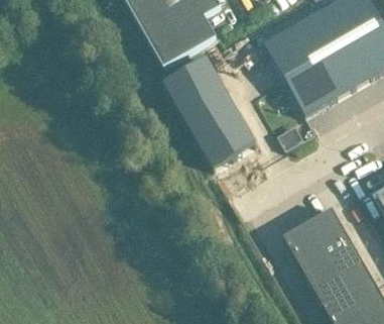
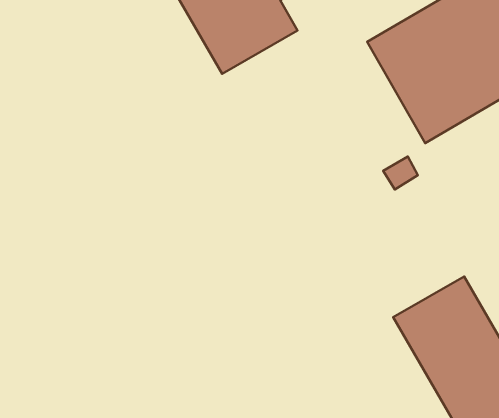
building: [163,57,257,169] -> none

